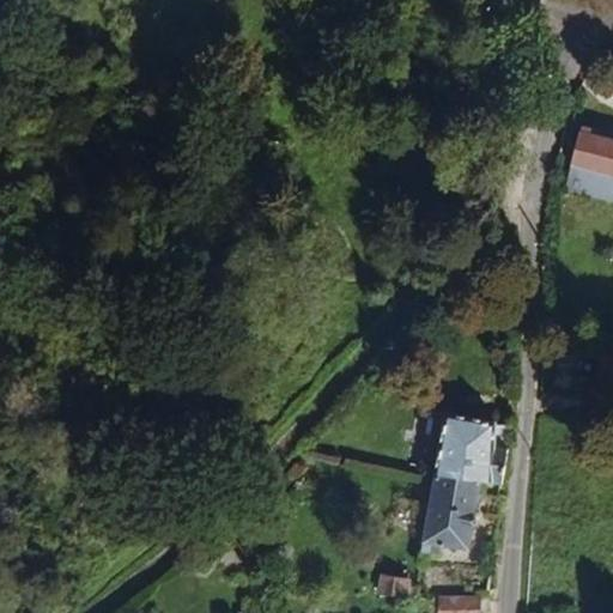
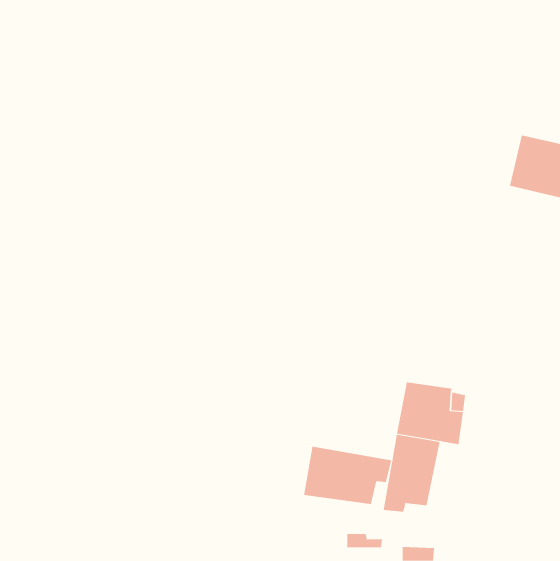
building: none -> [304,446,392,505]

